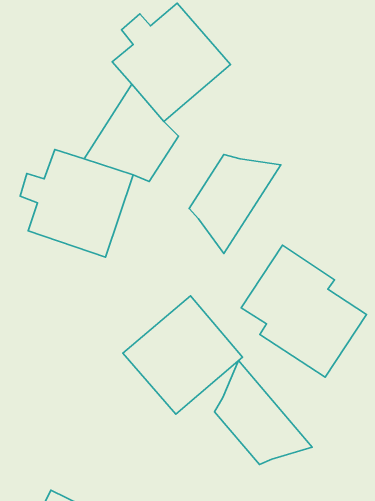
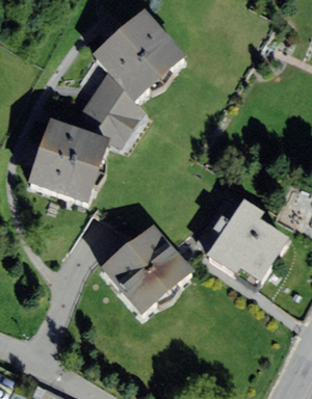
building: [189,154,281,254] -> none
building: [215,360,312,465] -> none

